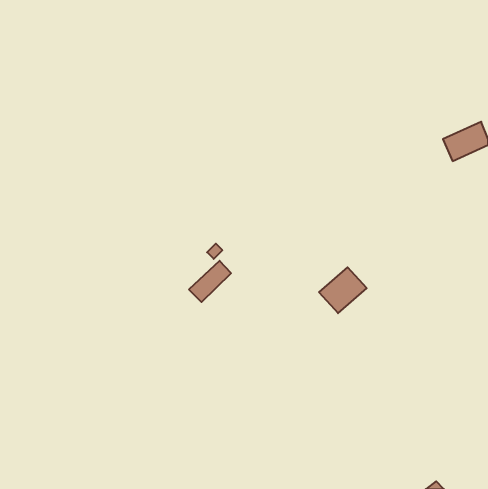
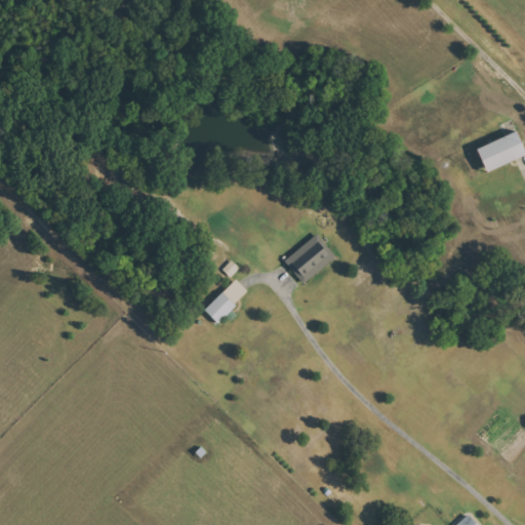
building: [319,267,367,313] -> [284,234,335,283]

